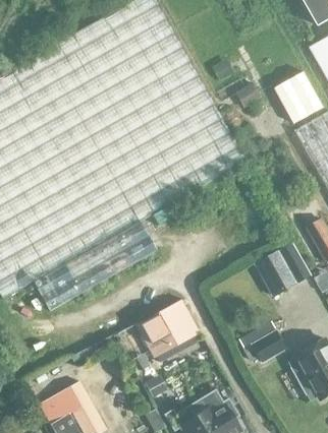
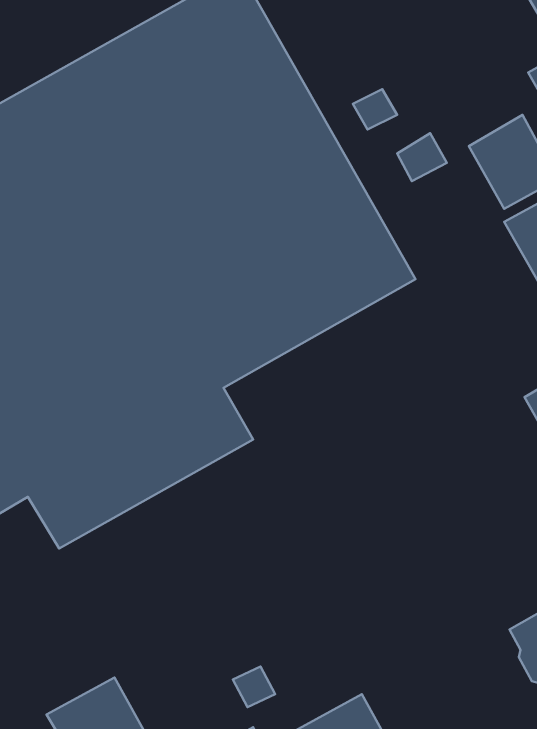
building: [256,249,299,295] -> none
building: [133,298,196,351] -> none
building: [244,329,287,361] -> none

